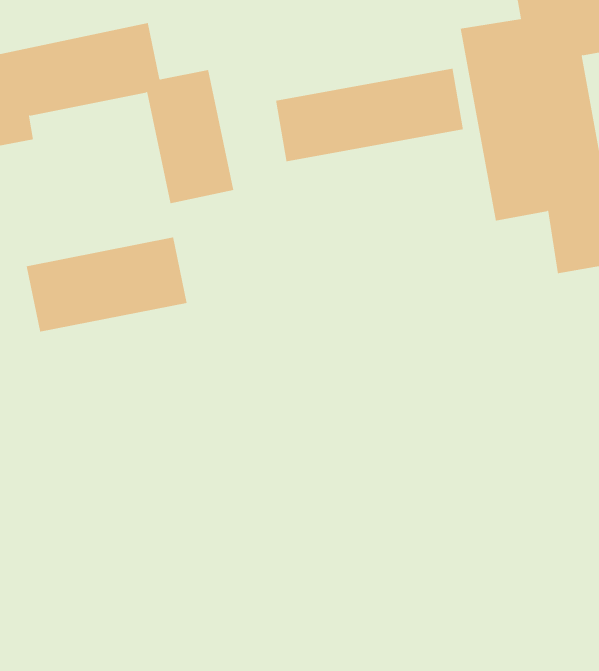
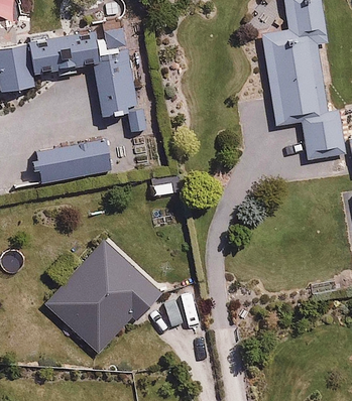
building: [276,68,464,162] -> none
building: none -> [41,234,169,357]

